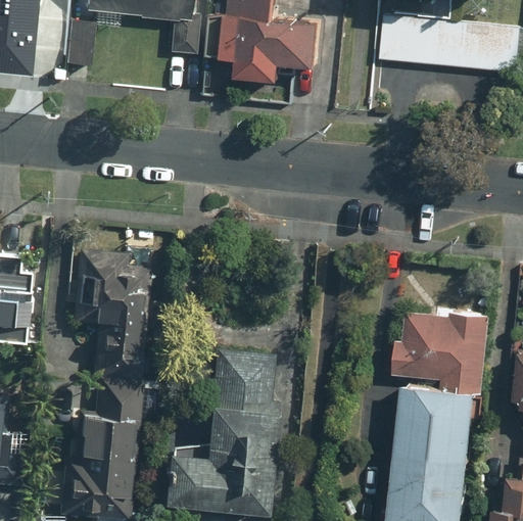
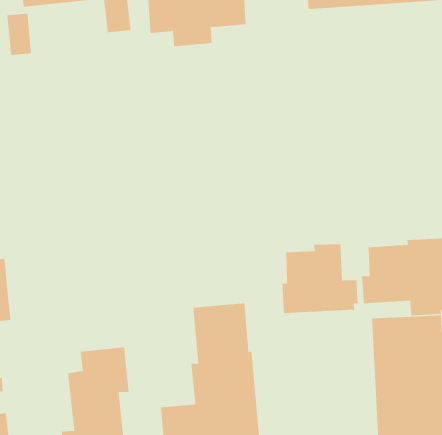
building: [75,247,151,377] -> none
building: none -> [281,243,358,314]

